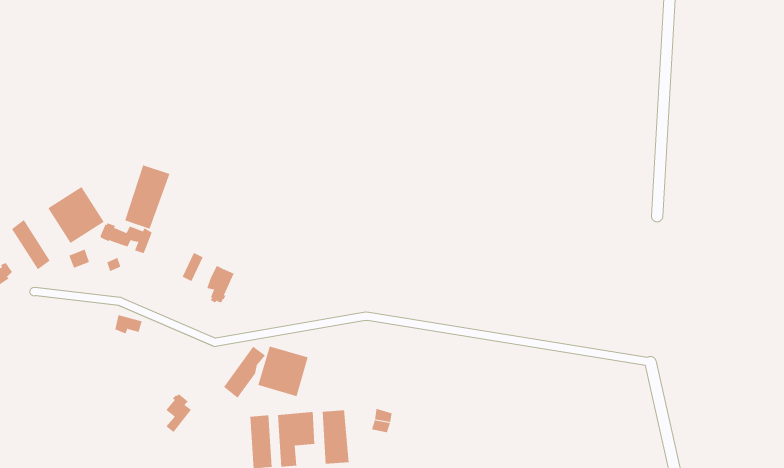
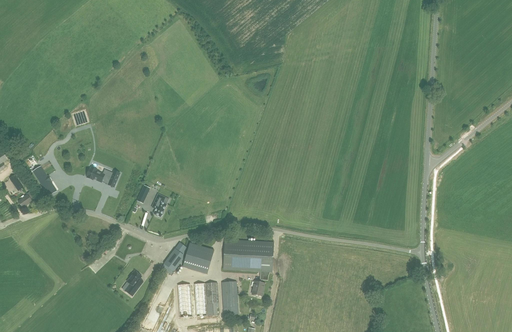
building: [124,165,170,229] -> none
building: [48,186,104,244] -> none
building: none -> [222,239,273,279]

